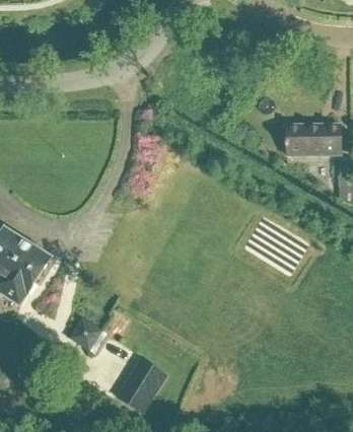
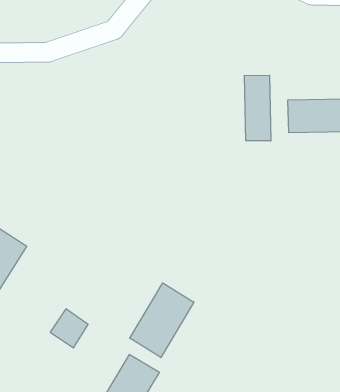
building: none -> [245,75,271,141]
building: none -> [130,283,194,358]

